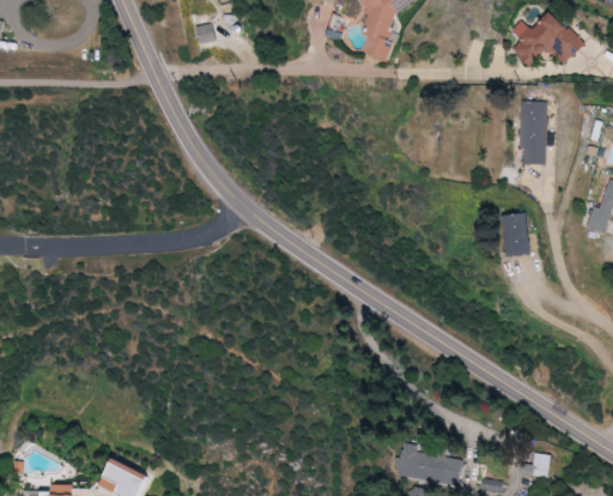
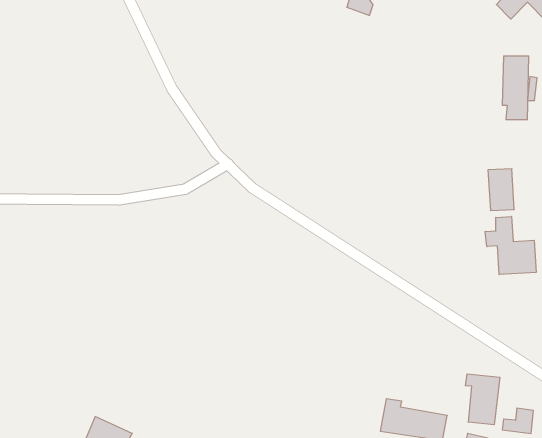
building: none -> [485,216,536,275]
building: none -> [466,374,500,425]

